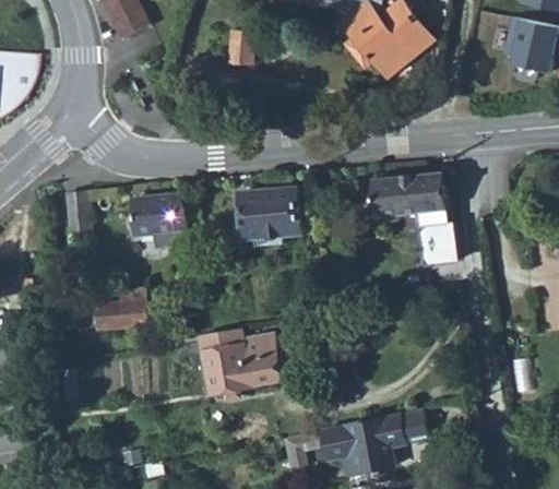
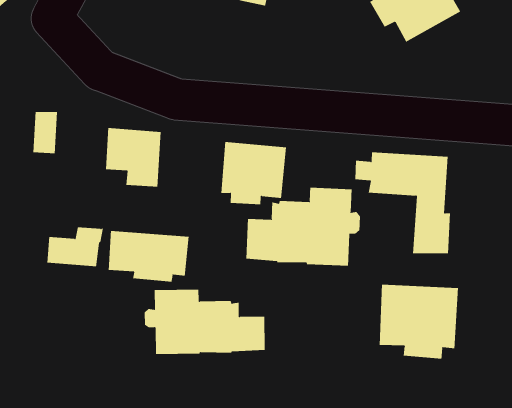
building: none -> [246,187,361,267]
building: none -> [108,230,189,283]
building: none -> [379,284,459,359]

